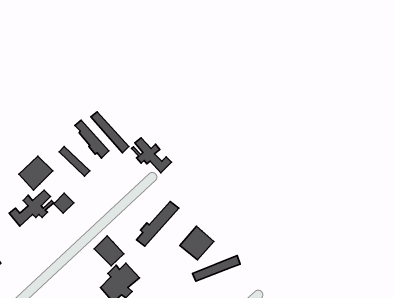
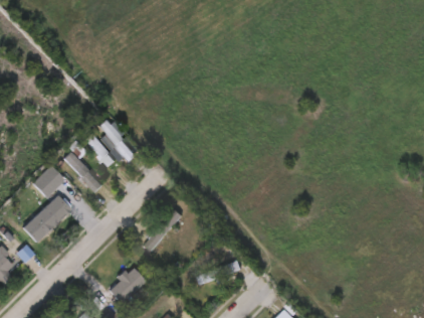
building: [132,138,172,173] -> none
building: [180,226,214,260] -> none
building: [94,236,124,266] -> none

